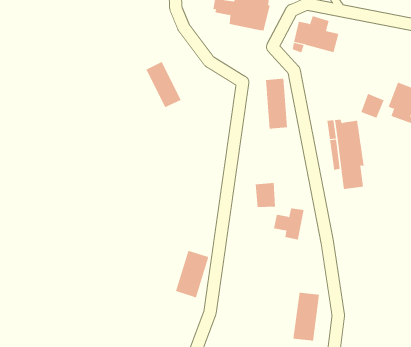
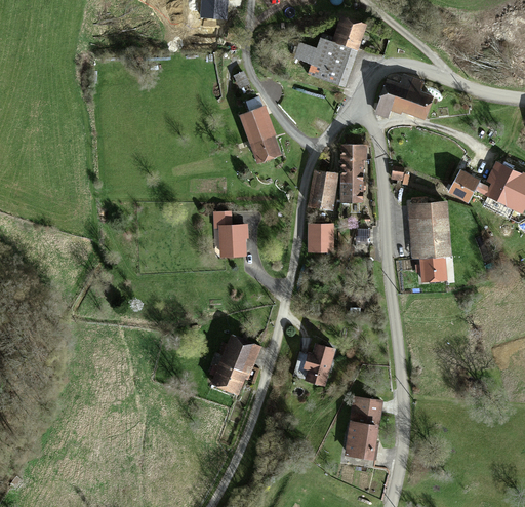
building: [145,61,181,108] -> [242,107,281,162]
building: none -> [308,170,335,210]
building: none -> [213,211,246,254]
building: [255,182,276,208] -> [309,224,332,252]
building: [273,208,305,240] -> [294,346,333,385]

